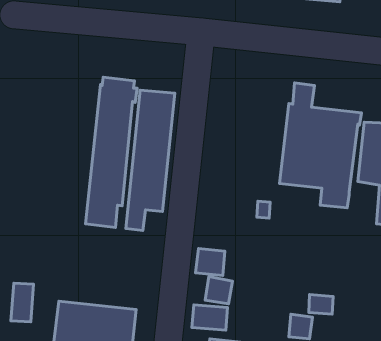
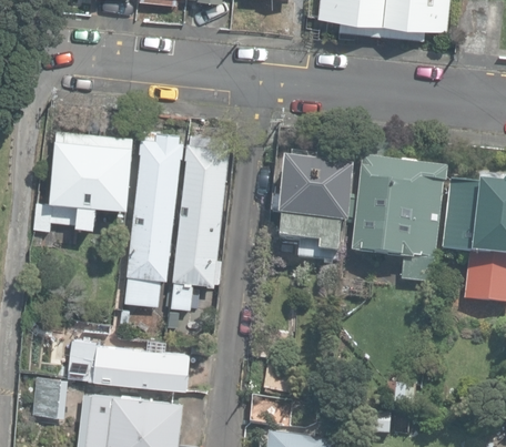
building: none -> [34,138,133,232]
building: none -> [277,155,353,264]
building: none -> [68,339,191,390]

